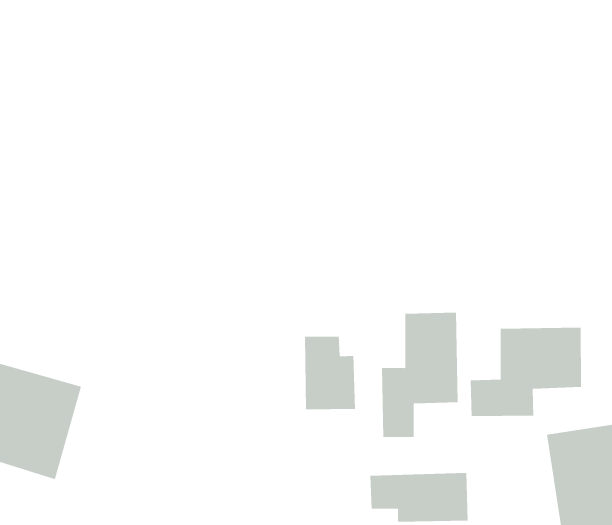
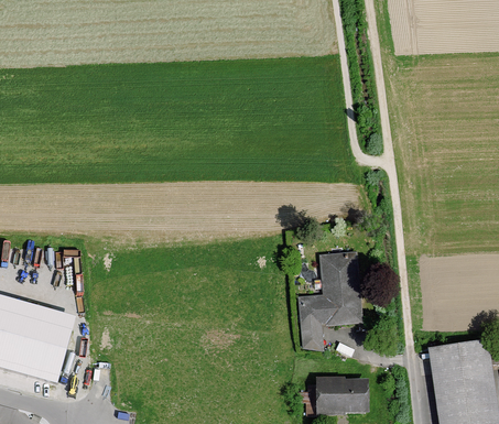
building: [470,327,581,417] -> none
building: [304,336,355,410] -> none

